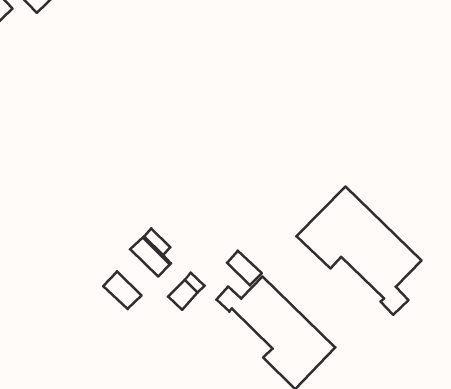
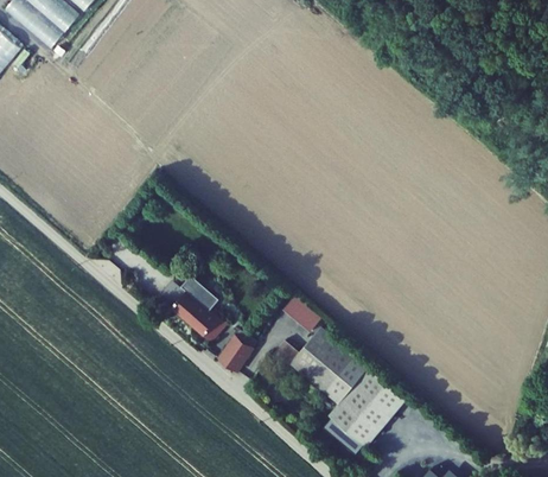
building: [296,187,421,315] -> none
building: [103,271,141,309] -> none

